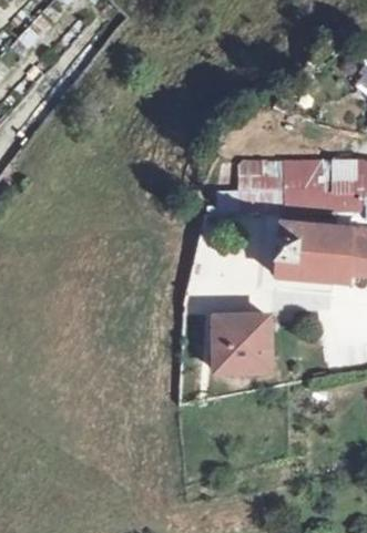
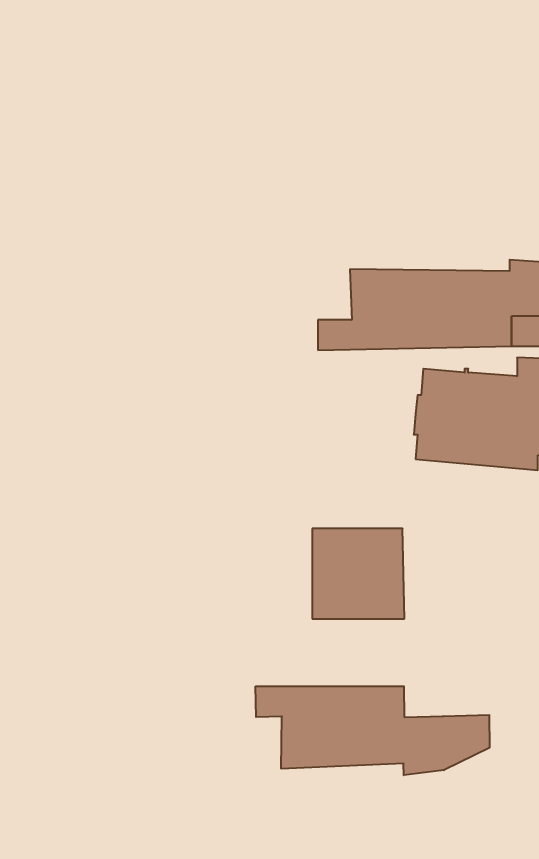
building: none -> [256,686,490,775]

